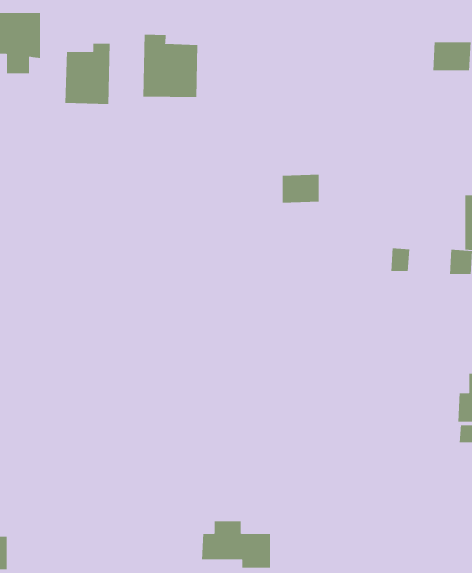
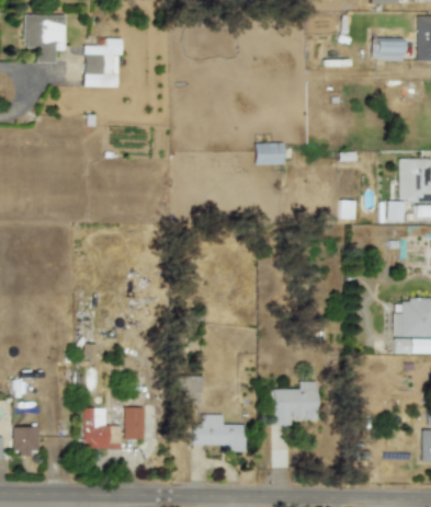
building: [143,34,198,98] -> none
building: none -> [273,381,318,425]
building: none -> [83,406,146,449]

